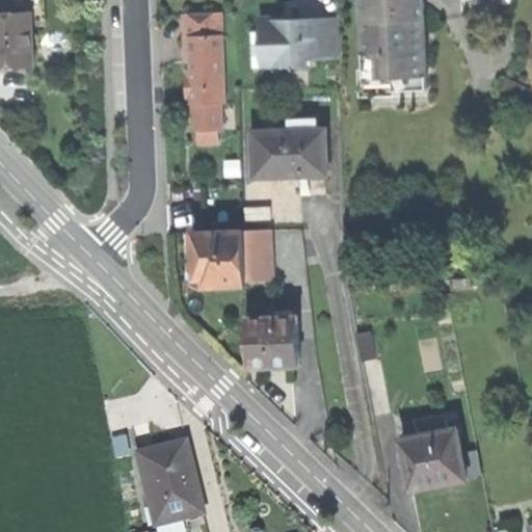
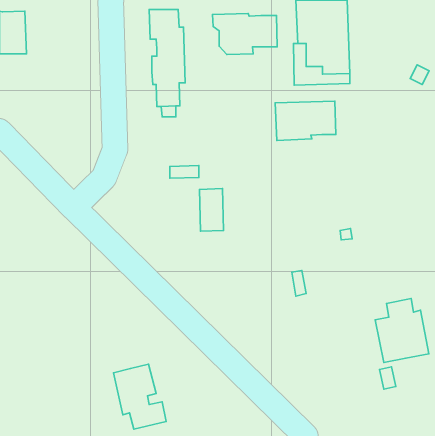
building: [252,128,326,176] -> [275,101,336,140]
building: [194,231,244,286] -> none
building: [246,311,298,367] -> none
building: [400,410,466,488] -> [375,298,429,362]

